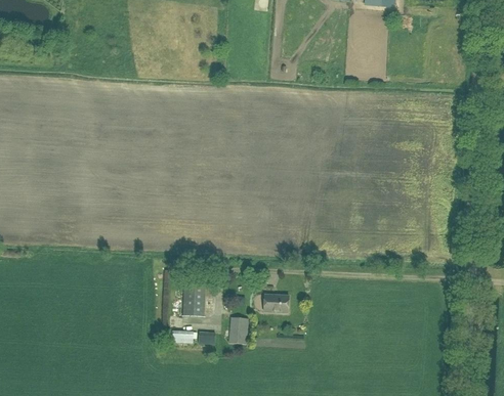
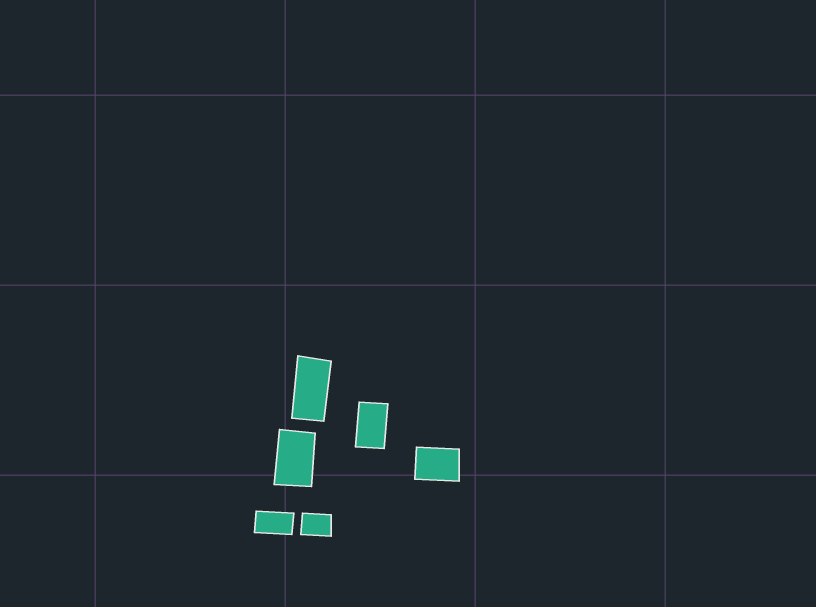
building: none -> [292,356,331,421]
building: [229,316,248,343] -> [356,402,388,448]

